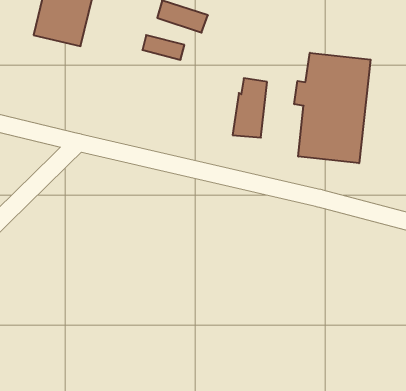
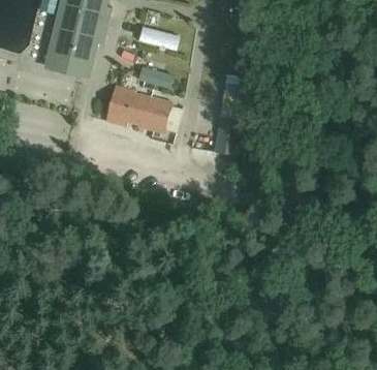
building: [294,53,371,163] -> none
building: none -> [105,85,171,132]

